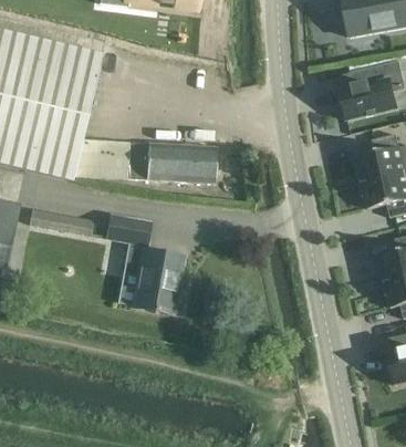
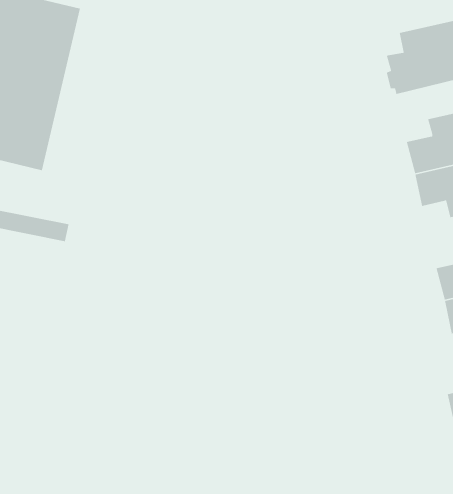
building: [126,142,216,183] -> none
building: [105,214,183,313] -> none

